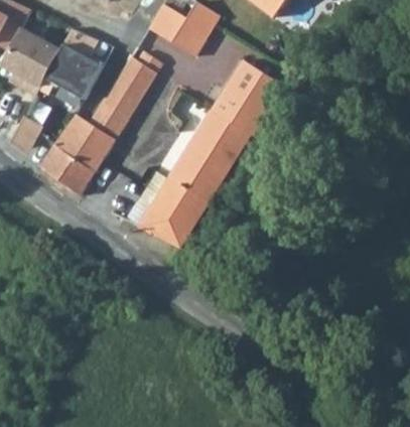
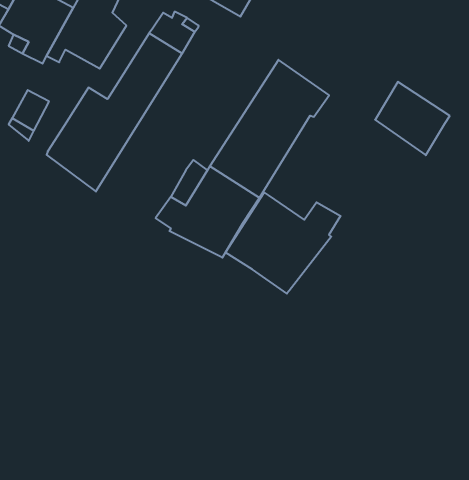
building: [225,60,284,119] -> [375,82,450,155]
building: none -> [226,193,341,294]

